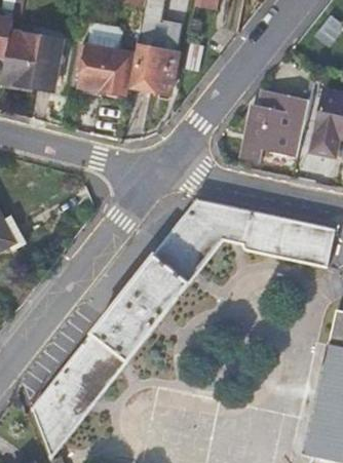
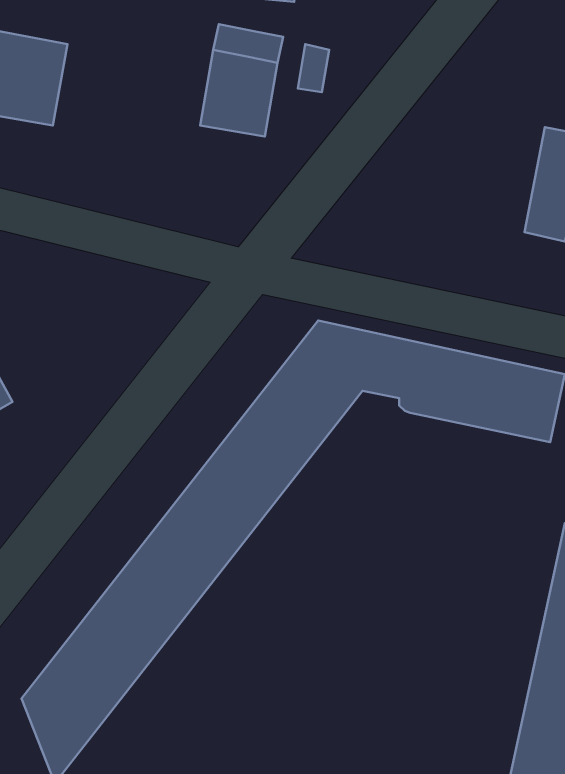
building: [79,44,132,95] -> none
building: [246,93,308,161] -> none

